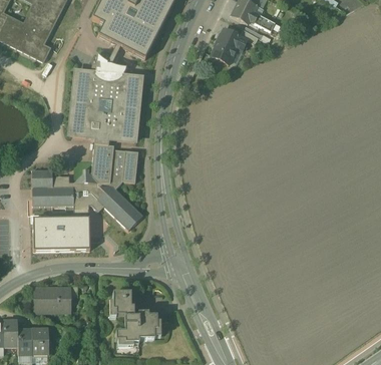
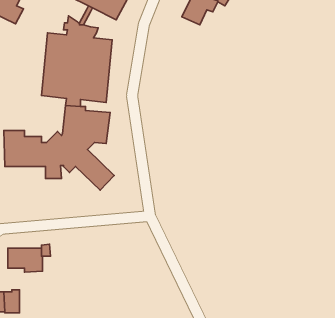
building: [35,218,91,250] -> none
building: [113,294,158,344] -> none

